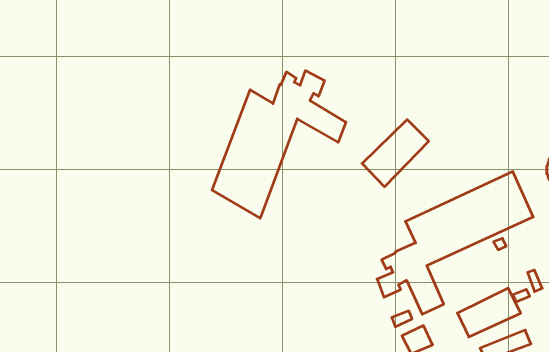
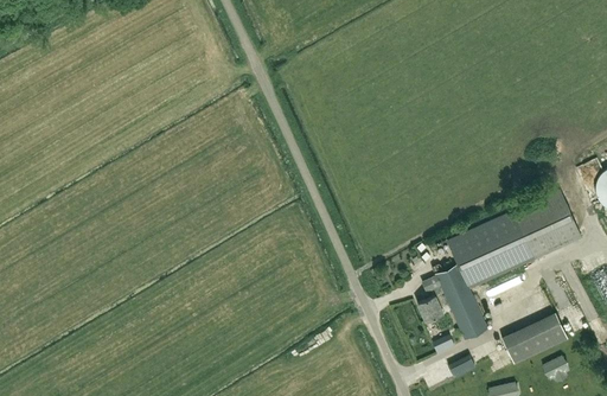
building: [212,71,346,218] -> none
building: [362,120,429,187] -> none

